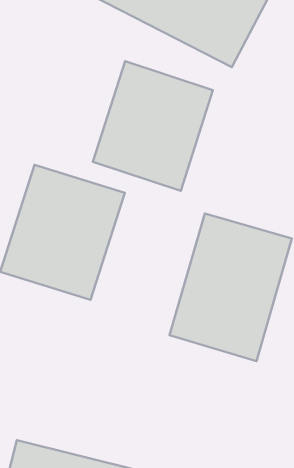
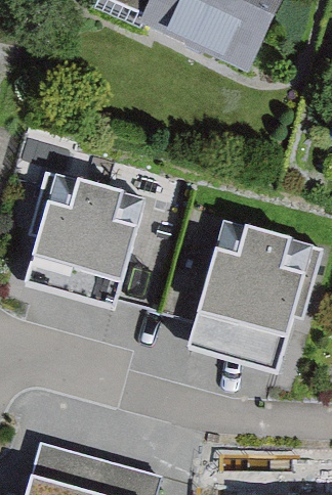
building: [93,61,213,191] -> none

